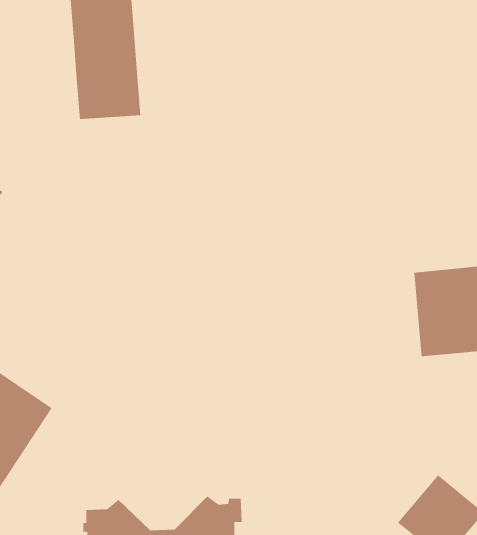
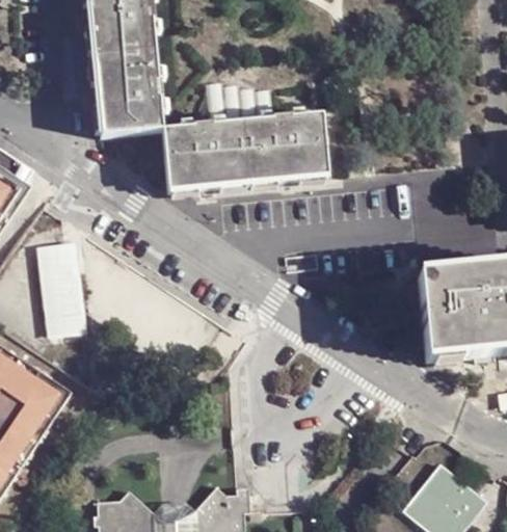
building: none -> [155,108,321,183]
building: none -> [42,247,85,336]

